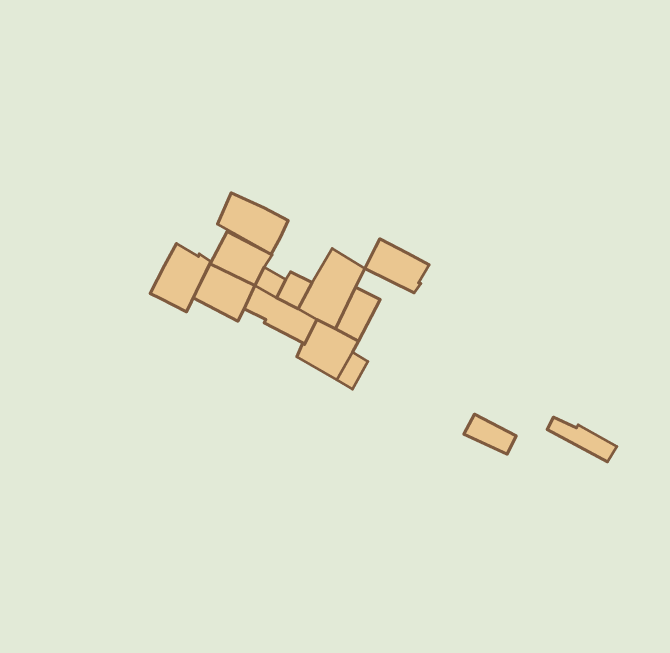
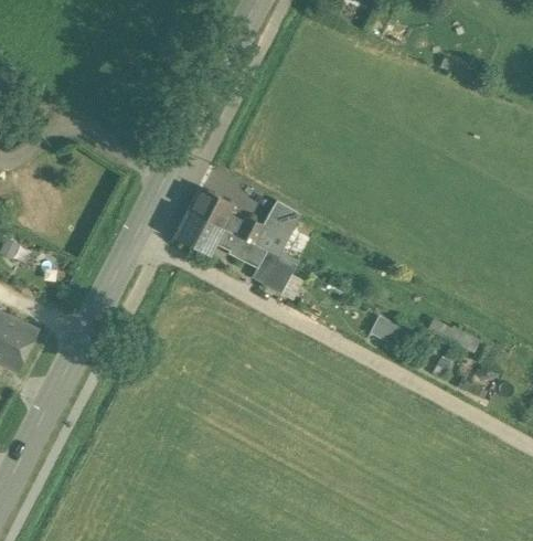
building: [218,193,288,254] -> none
building: [365,239,429,293] -> none
building: [150,244,211,312] -> none

